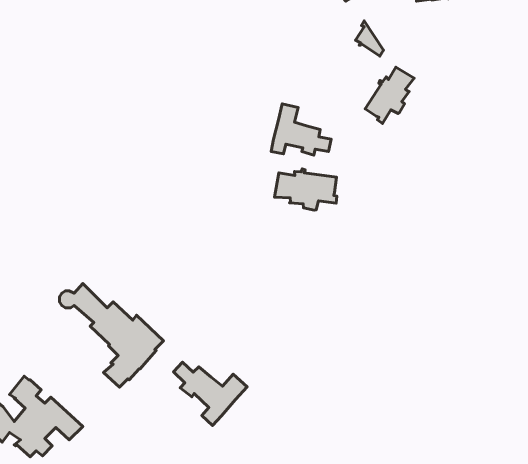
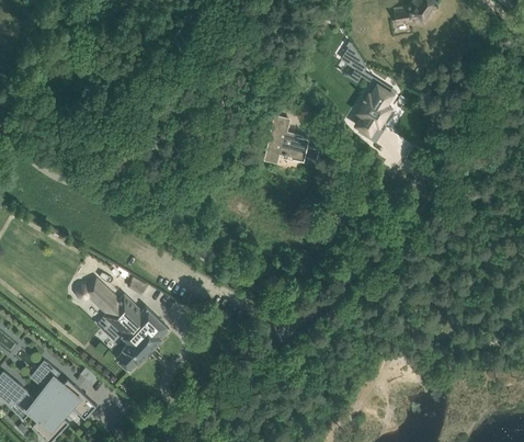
building: [275,169,337,210] -> none
building: [173,362,247,426] -> none

